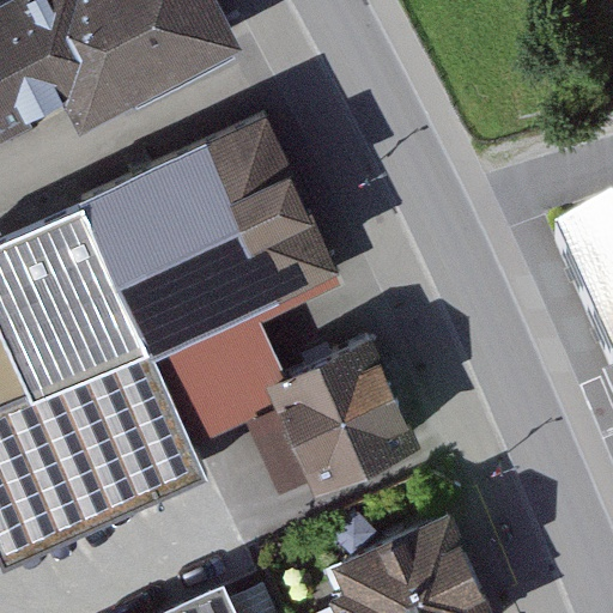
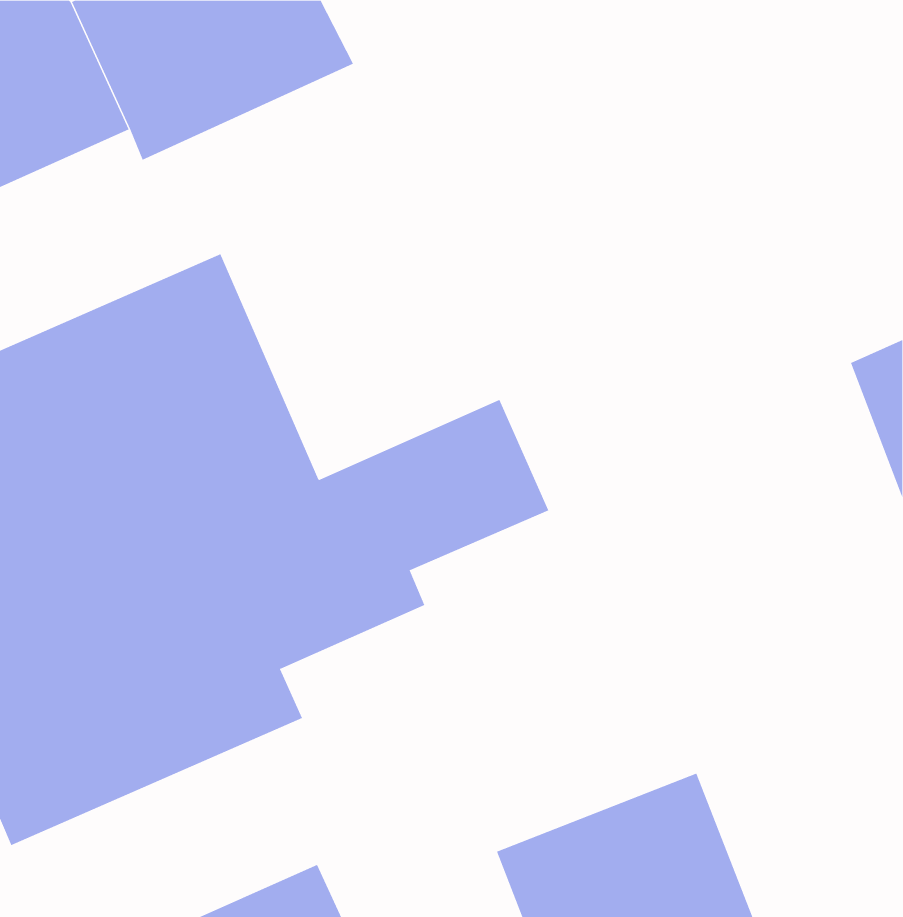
building: [145,114,341,324] -> none
building: [269,339,419,487] -> none

